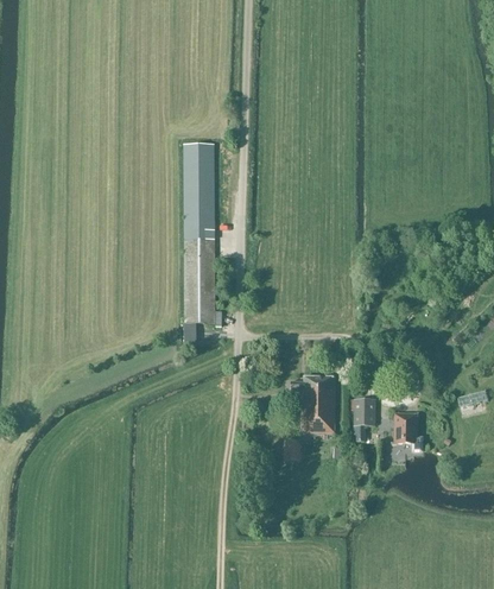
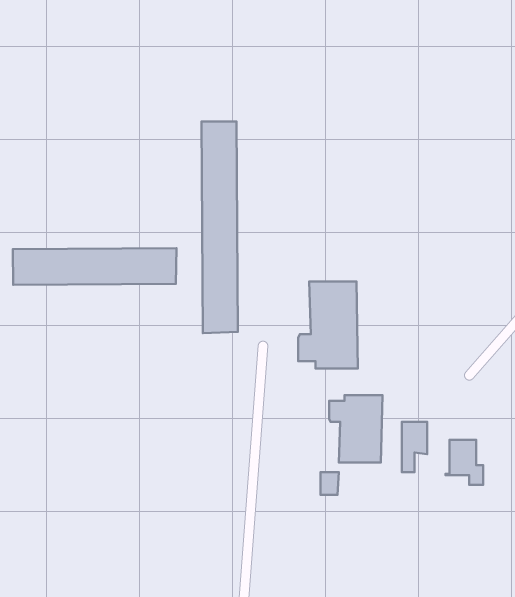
building: none -> [13,248,177,285]
building: none -> [298,282,358,369]

